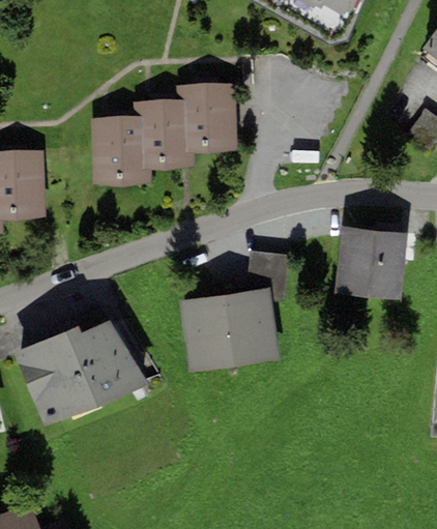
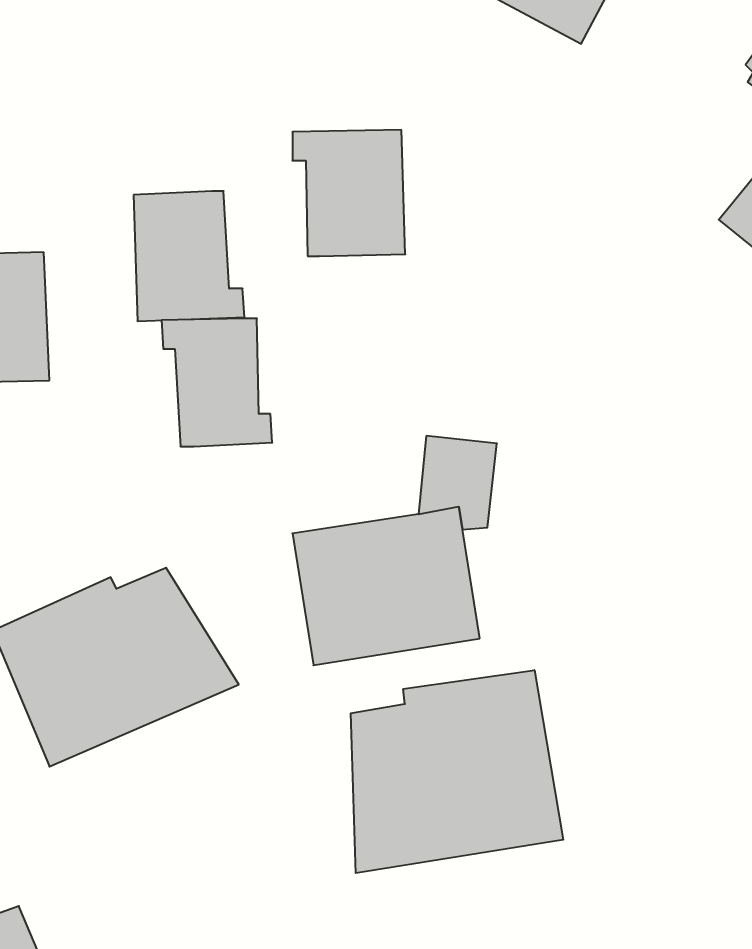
building: [133,99,193,169] -> [161,318,272,446]
building: [336,226,406,298] -> none
building: none -> [351,670,563,873]

